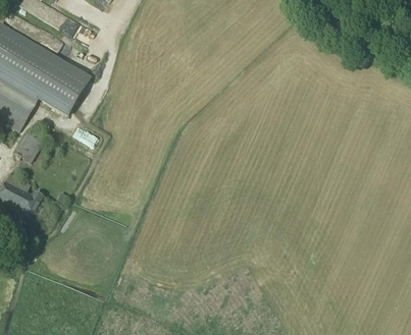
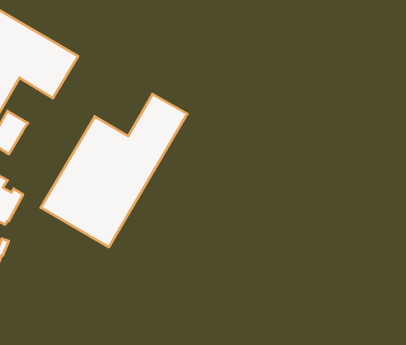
building: none -> [41,94,187,247]

